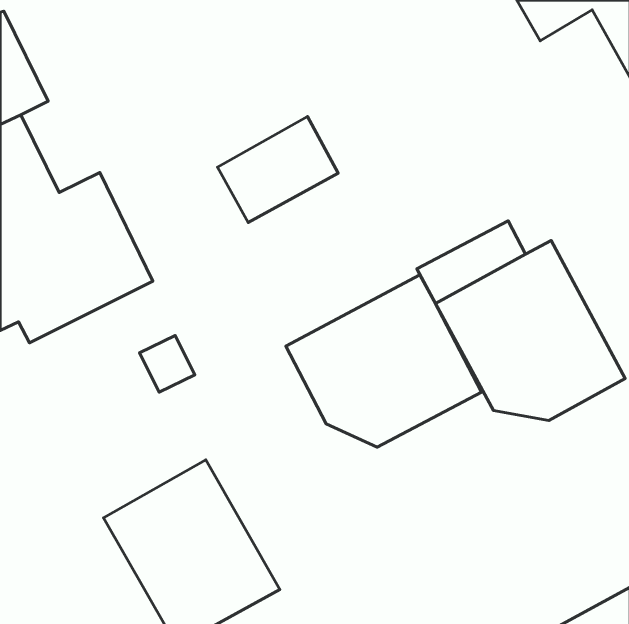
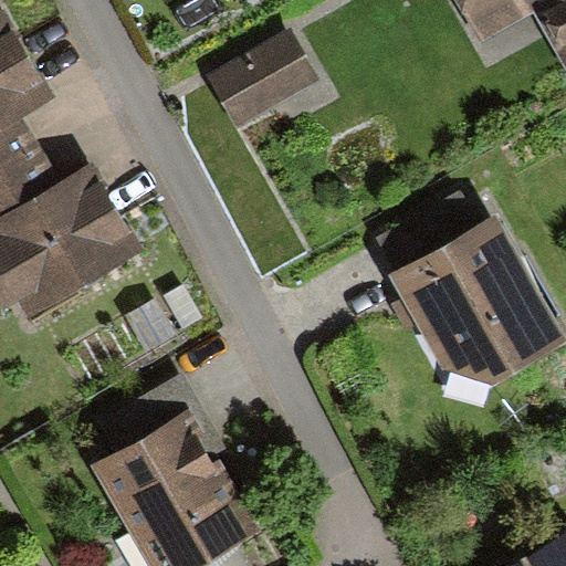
building: [217,117,338,223] -> [207,30,315,125]
building: [286,275,481,447] -> none

